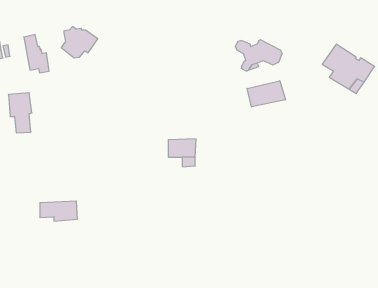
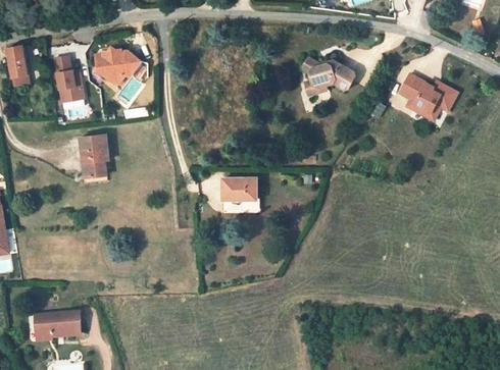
building: [247,81,285,107] -> none
building: [8,93,32,133] -> [80,135,107,181]
building: [40,201,77,221] -> [35,312,79,335]

